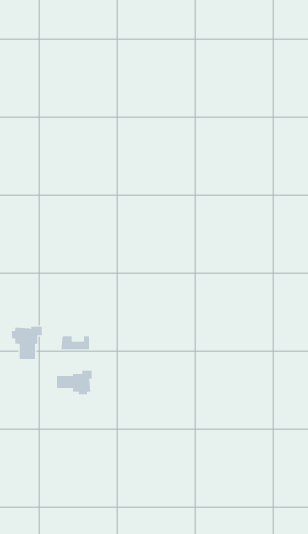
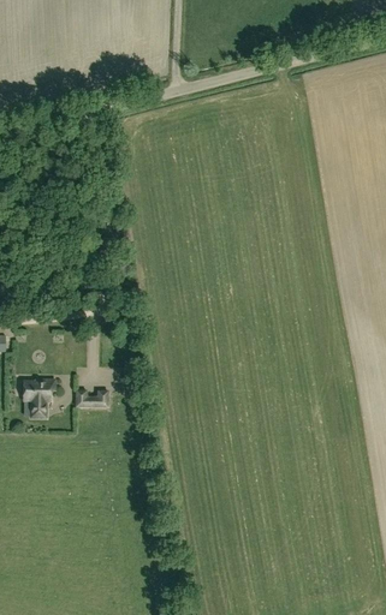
building: [56,370,92,395] -> none

